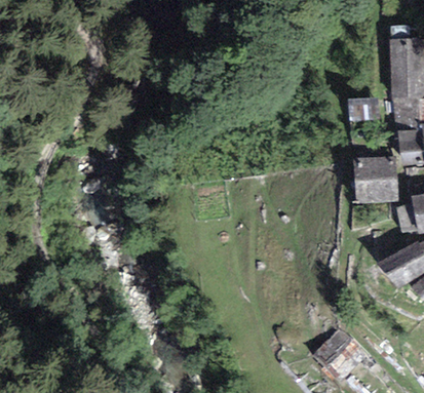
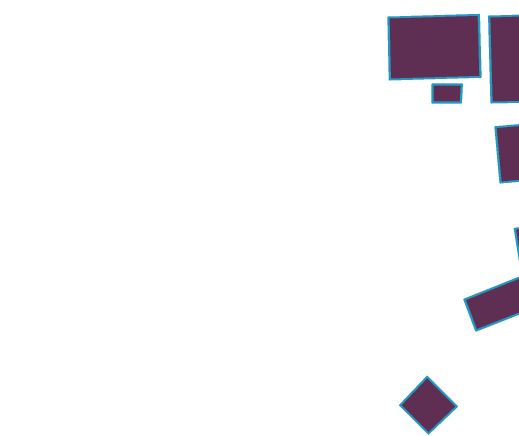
building: none -> [388,15,480,79]
building: [351,165,388,195] -> none

